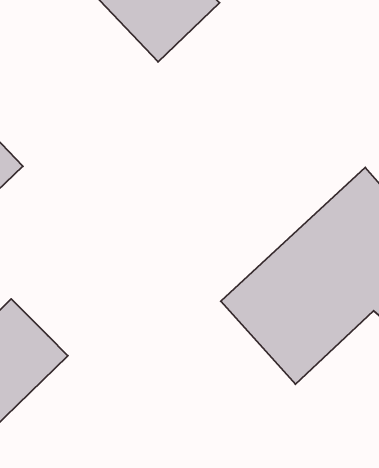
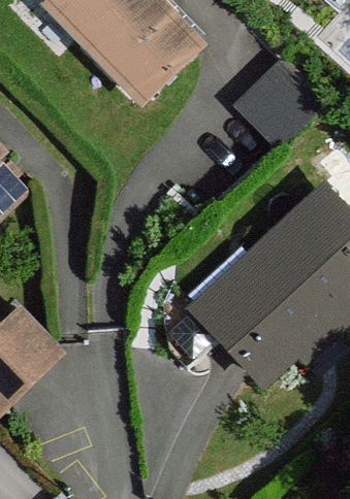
building: none -> [240,65,322,147]

